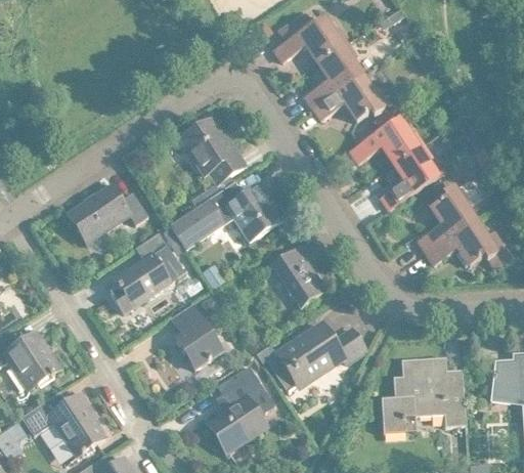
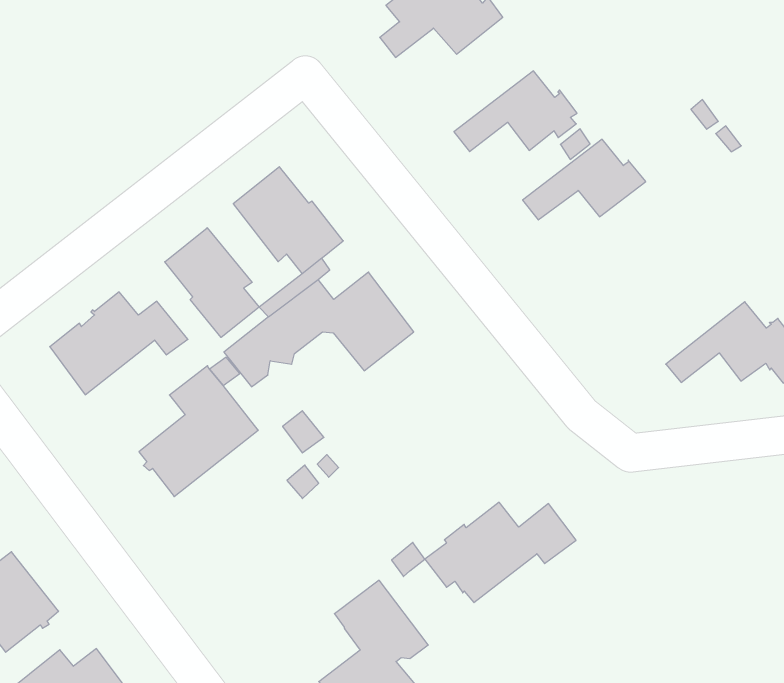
building: [306,43,363,107] -> none
building: [382,145,439,209] -> none
building: none -> [165,228,259,337]
building: [419,181,476,253] -> none
building: [273,248,326,307] -> none
building: [172,304,223,369] -> none
building: [382,358,467,431] -> none

